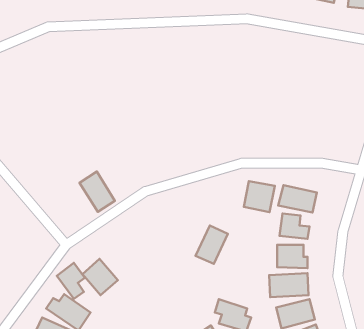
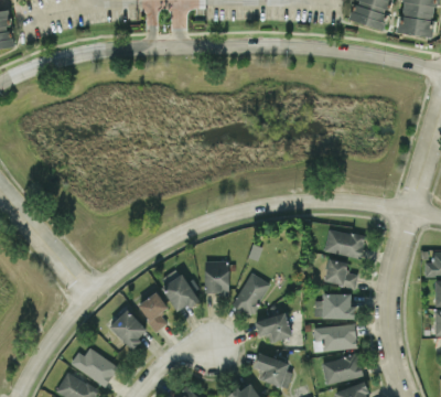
building: [80,172,115,212] -> [159,268,197,312]
building: [244,181,275,212] -> none
building: none -> [204,260,228,292]
building: [57,263,85,299] -> [137,291,168,331]
building: none -> [255,313,291,342]

